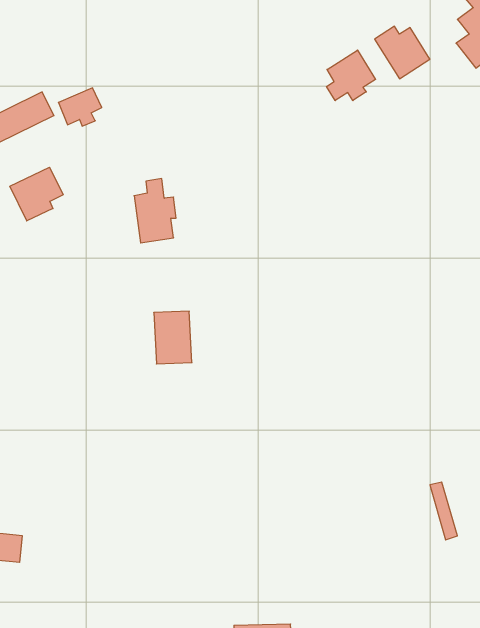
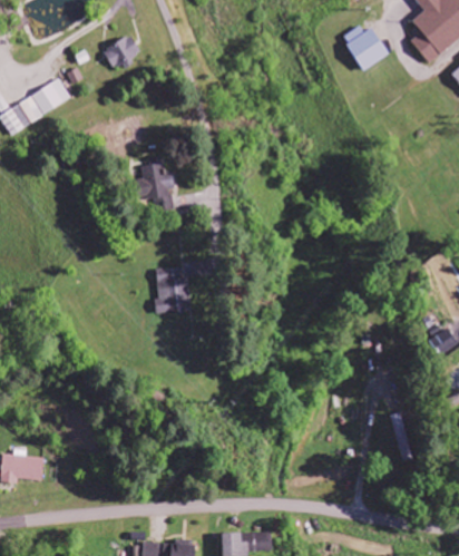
building: [327,50,376,101] -> none
building: [58,88,102,126] -> [102,36,139,68]
building: [10,167,63,221] -> none

